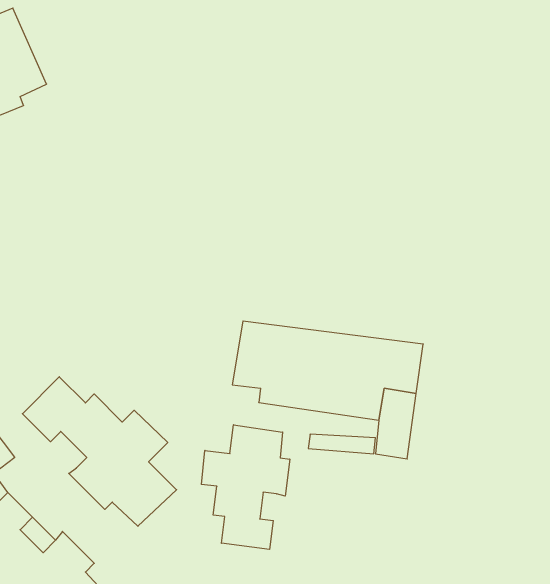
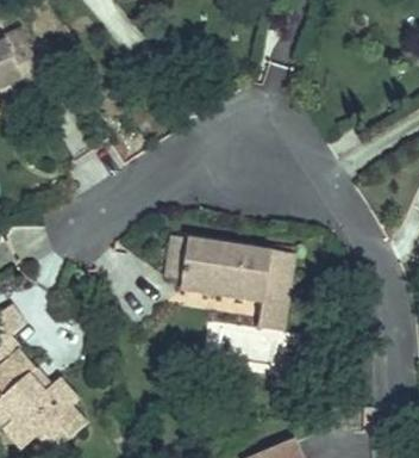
building: [22,377,177,526] -> none
building: [201,425,290,549] -> none

